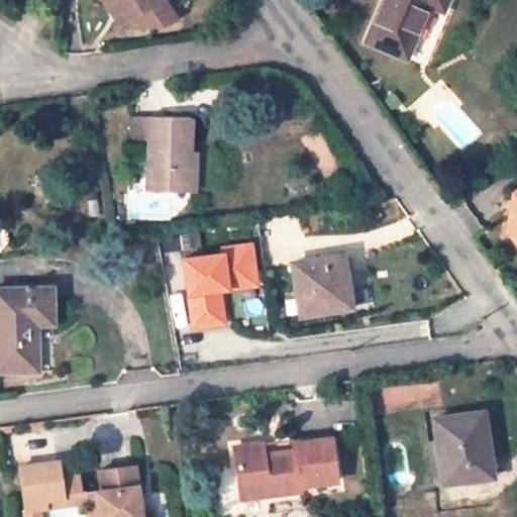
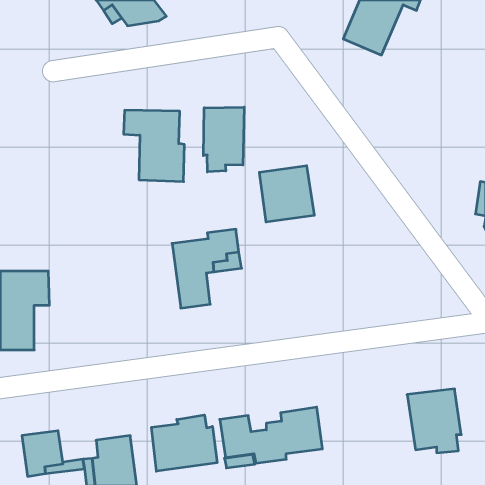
building: none -> [203,107,244,172]
building: [293,256,351,316] -> [259,166,314,222]
building: none -> [152,415,217,471]

